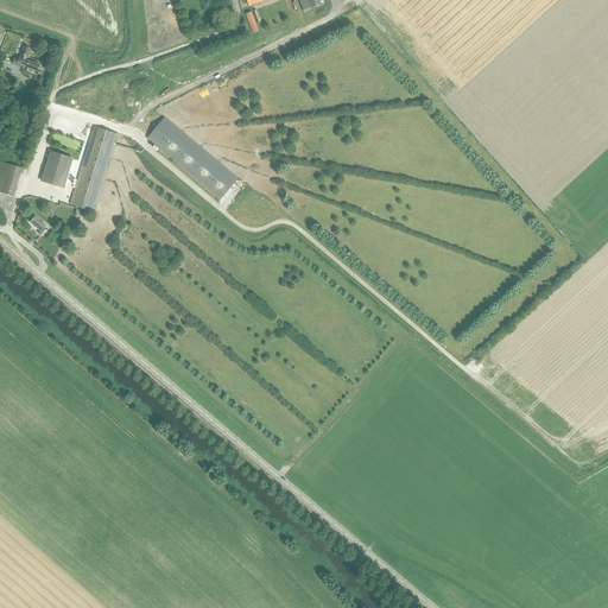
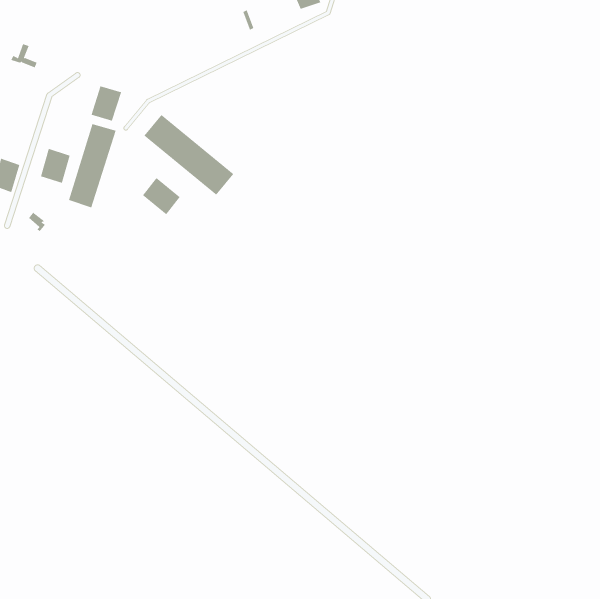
building: none -> [91,86,122,121]
building: none -> [142,177,180,215]

